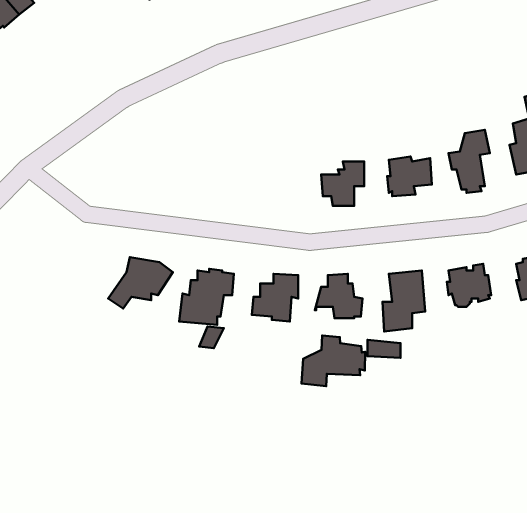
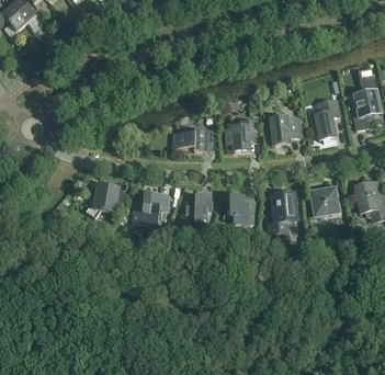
building: none -> [172,128,212,150]
building: [302,335,365,386] -> none

